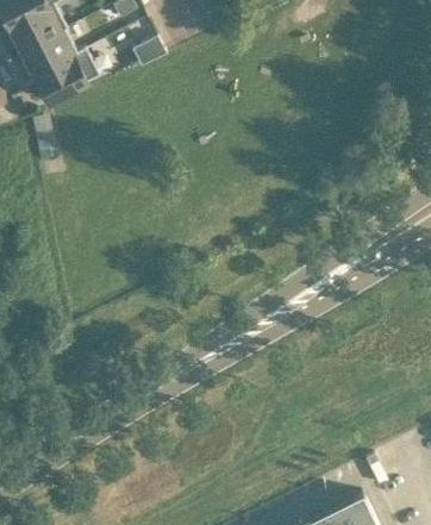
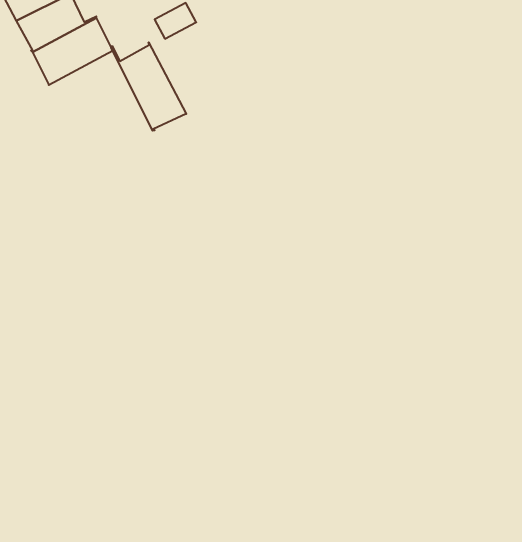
building: none -> [111,42,186,131]

